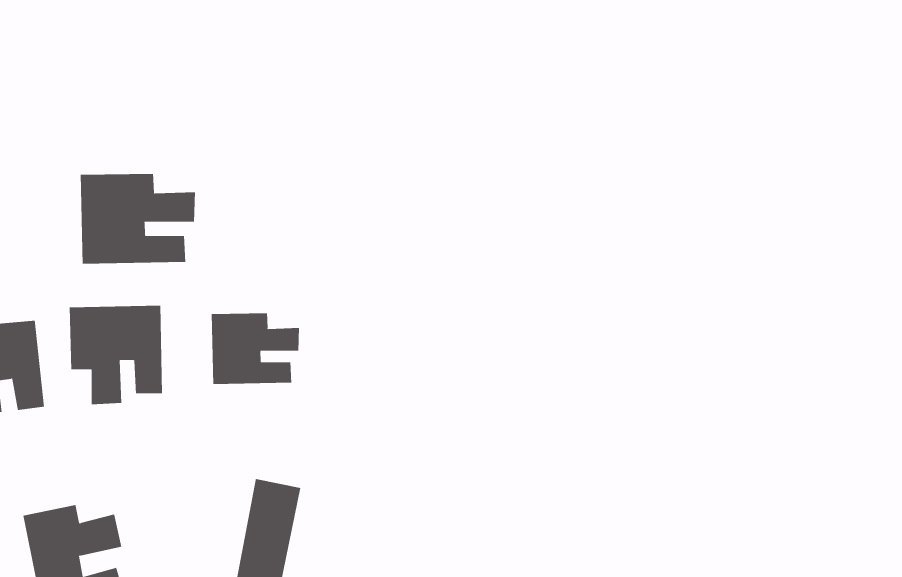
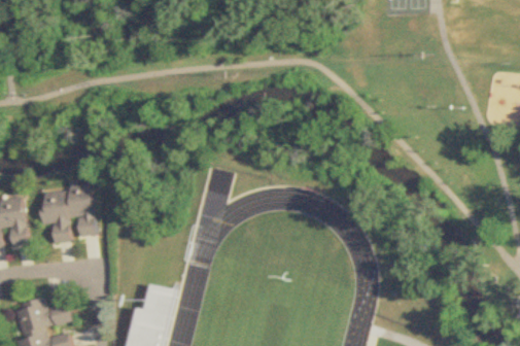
building: [80,173,195,265] -> none
building: [211,313,299,385] -> none

